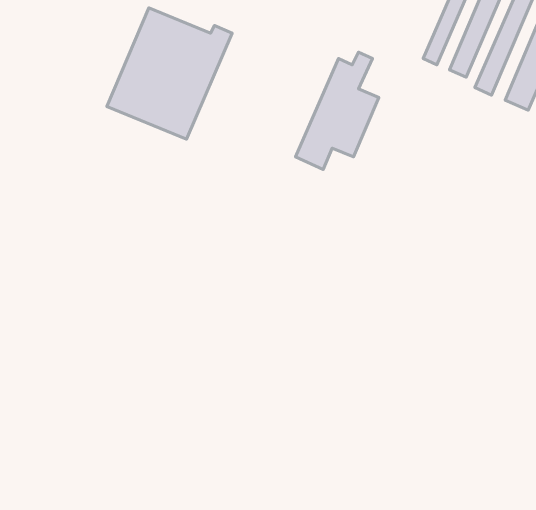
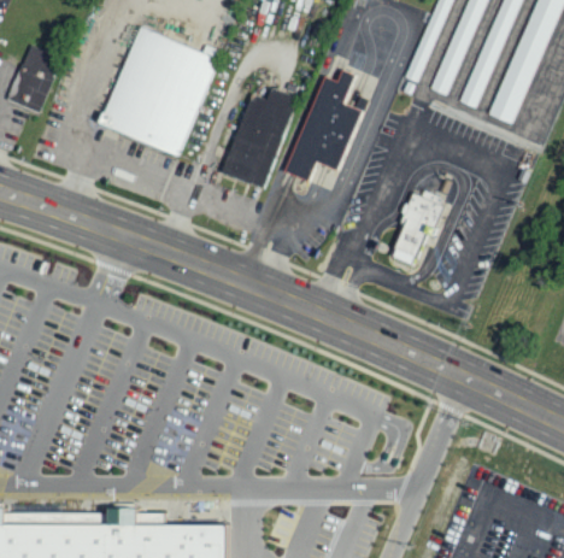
building: none -> [7,46,64,116]
building: none -> [221,90,295,189]
building: none -> [395,188,446,257]

